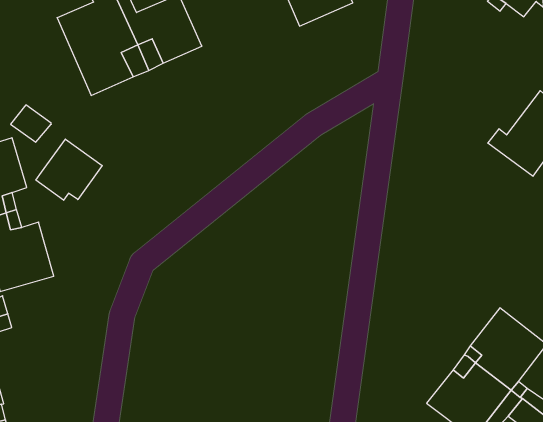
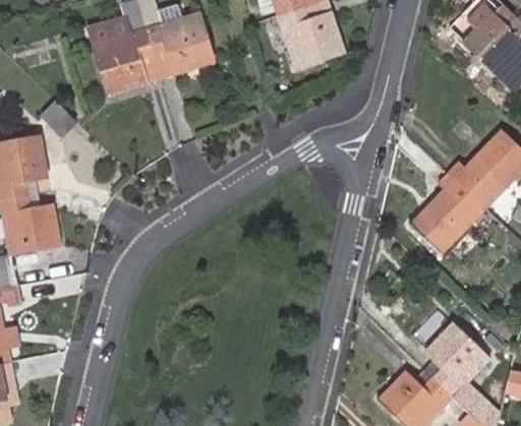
building: [36,139,102,200] -> none
building: none -> [416,176,490,256]

